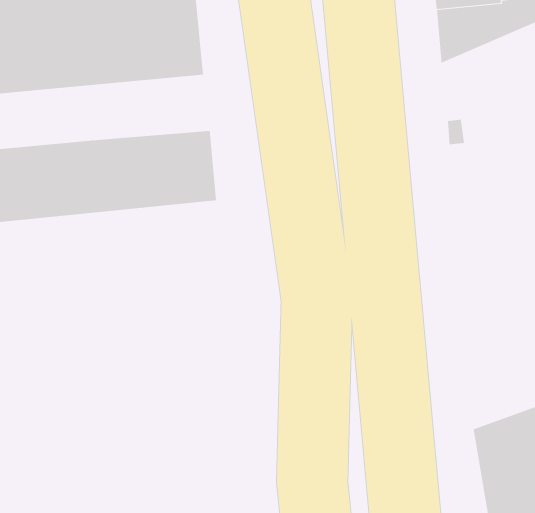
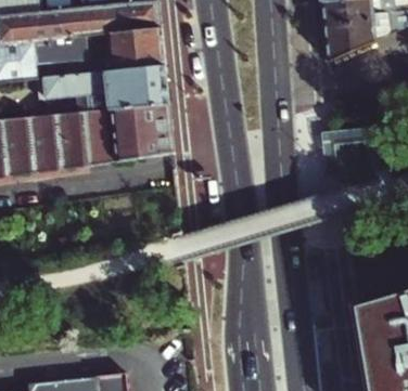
building: none -> [38,67,169,112]

